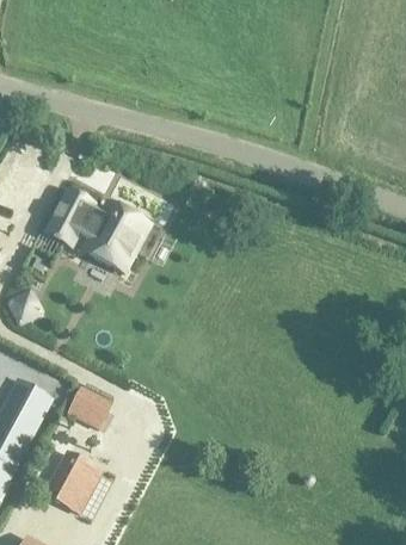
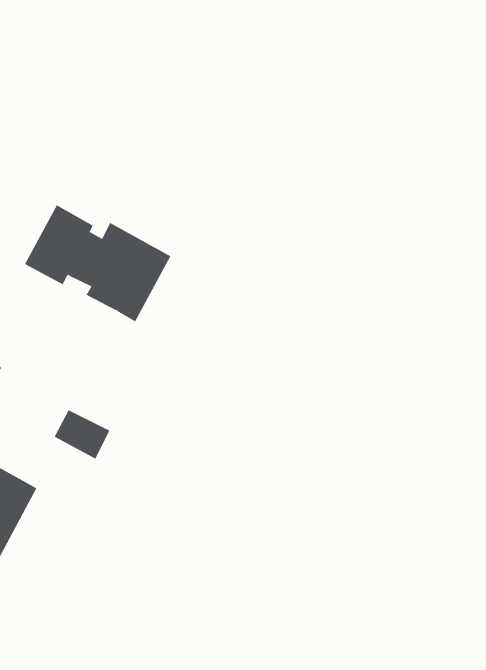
building: [69,390,111,427] -> [54,410,110,460]
building: [48,453,102,515] -> none

